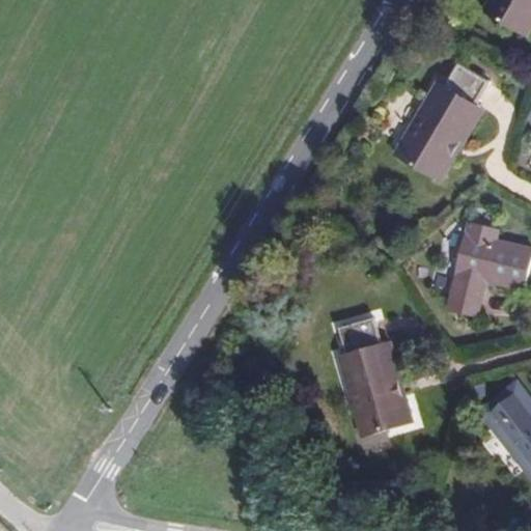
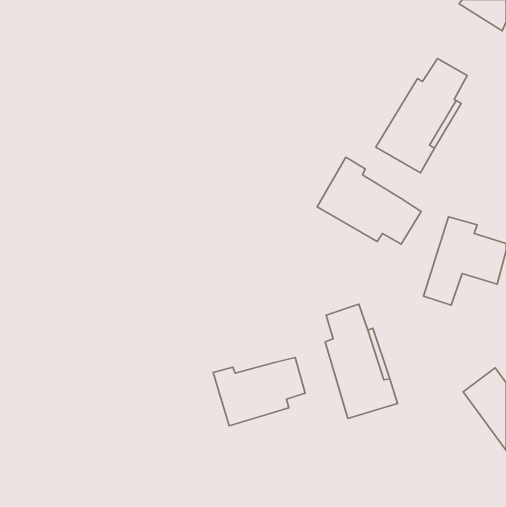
building: none -> [317,157,421,244]
building: none -> [213,357,305,426]

